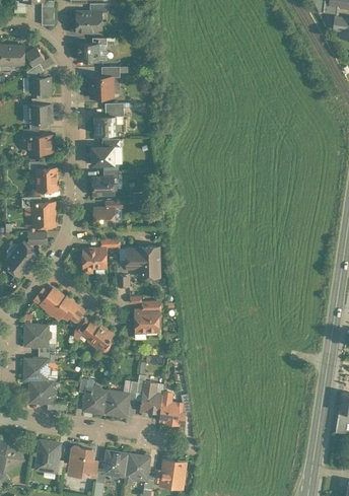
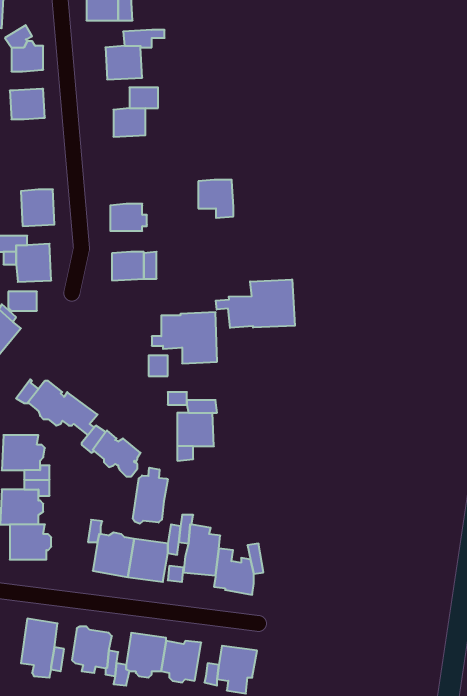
building: [27,135,52,152] -> none
building: [91,146,114,170] -> [198,180,233,218]
building: none -> [216,279,295,328]
building: [80,247,107,267] -> none
building: none -> [133,468,168,524]

